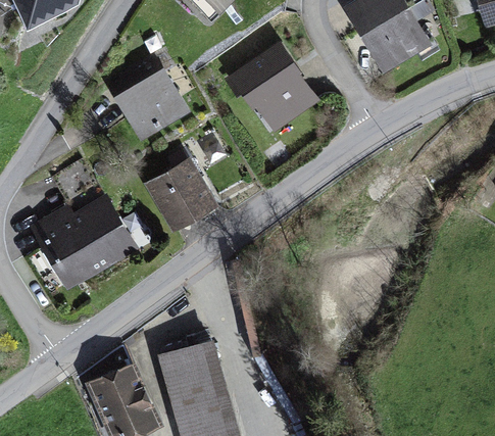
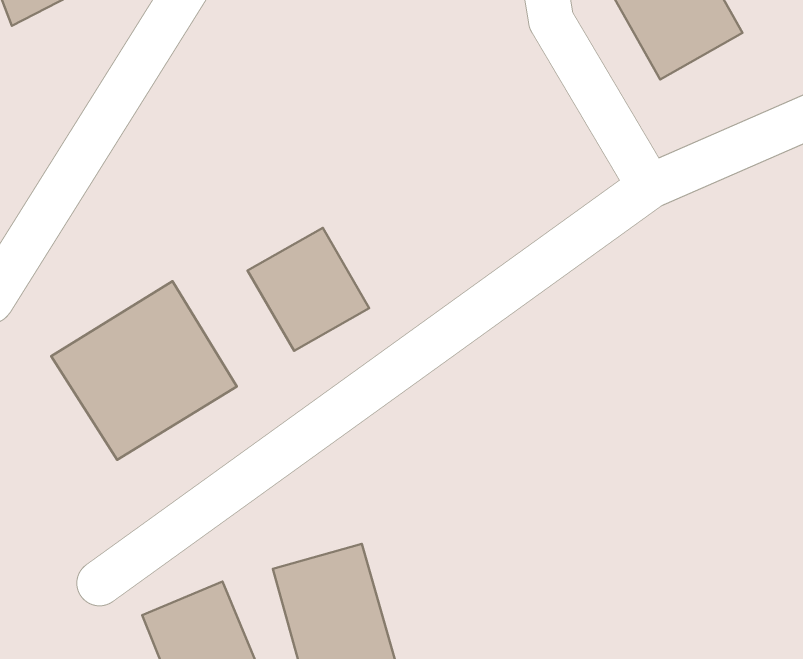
building: [234,43,318,133] -> none
building: [113,65,189,139] -> none

